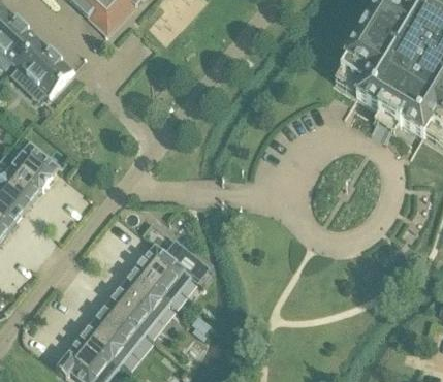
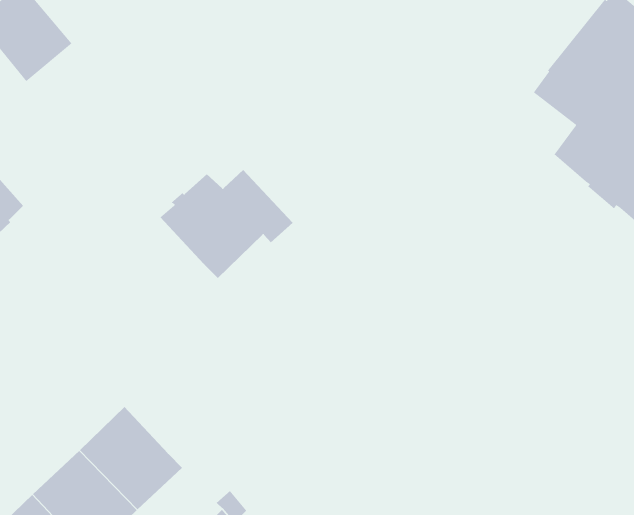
building: [130,242,208,307] -> [159,169,293,279]

